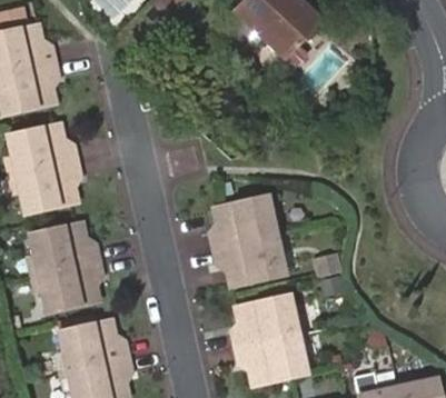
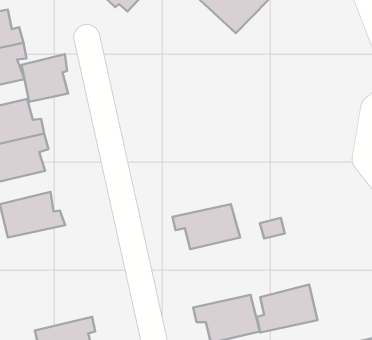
building: none -> [22,54,68,102]
building: [212,196,278,249] -> none
building: [40,258,107,311] -> none
building: [235,295,299,346] -> [257,285,317,333]
building: [60,320,130,370] -> none

